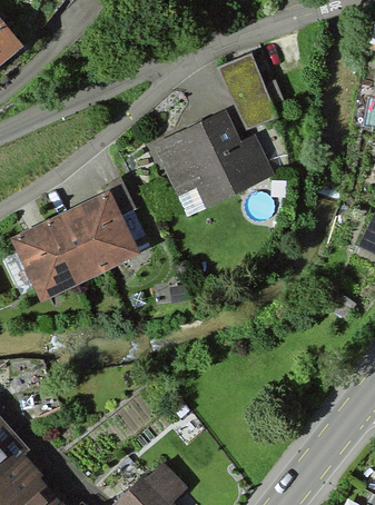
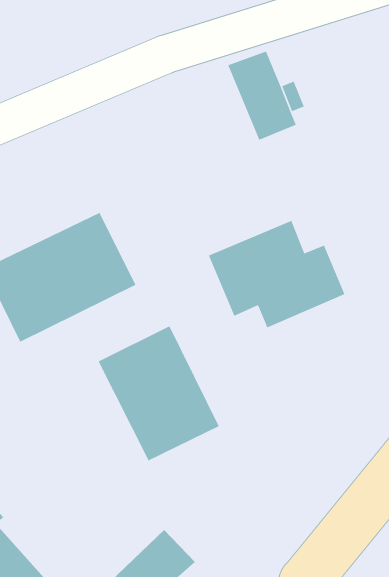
building: [156,116,273,208] -> [208,220,346,329]
building: none -> [97,325,220,461]

